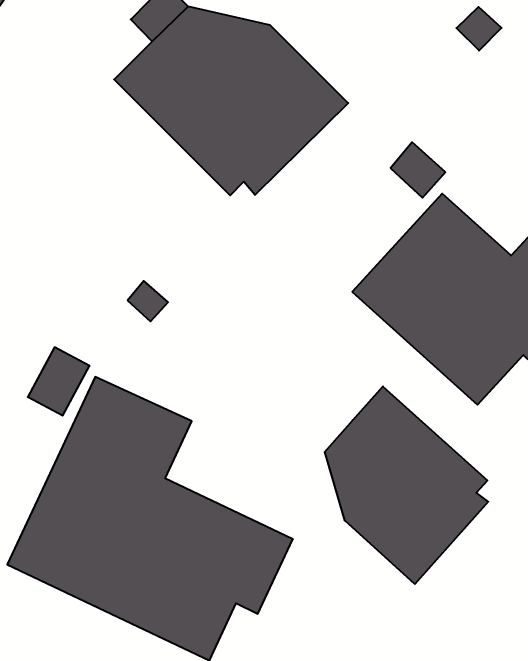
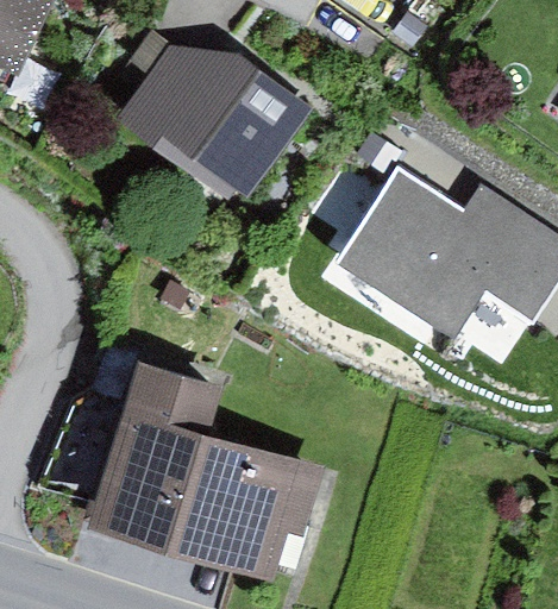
building: [325,386,488,584] -> none

